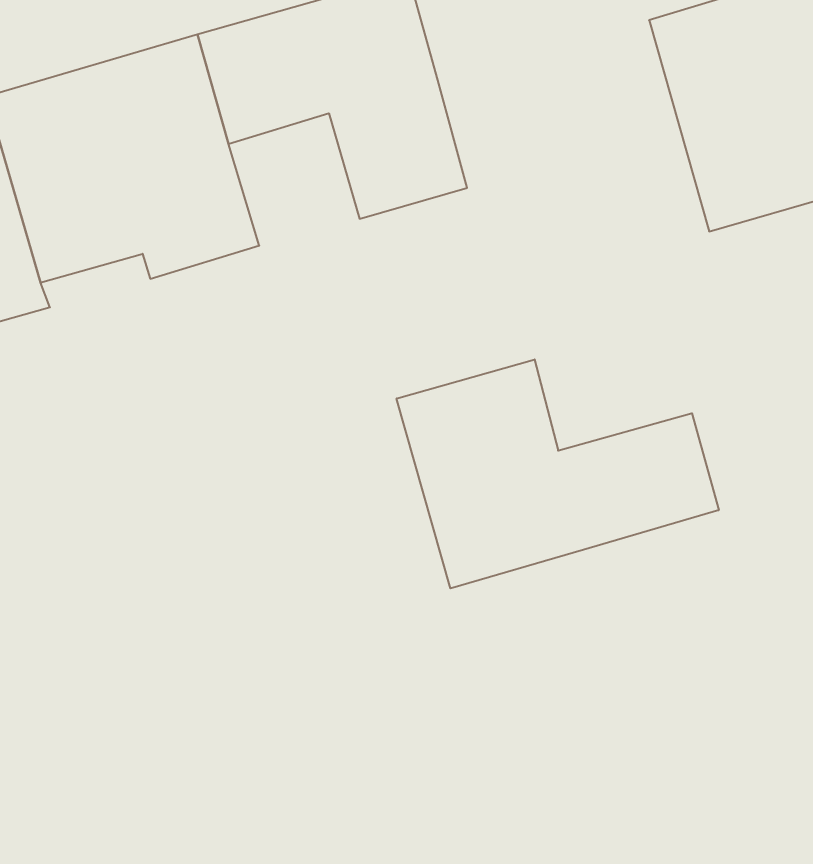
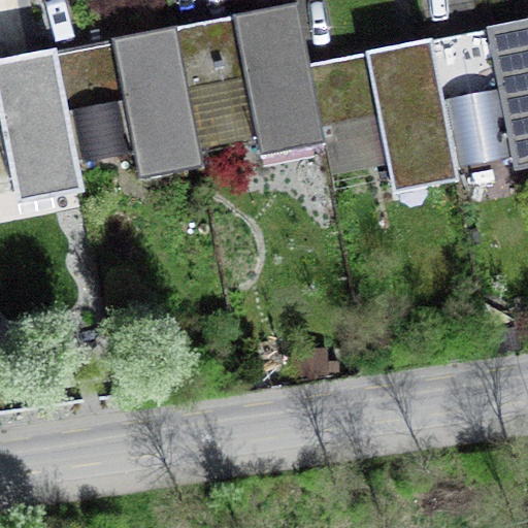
building: none -> [308,42,454,178]
building: [397,359,719,588] -> none

